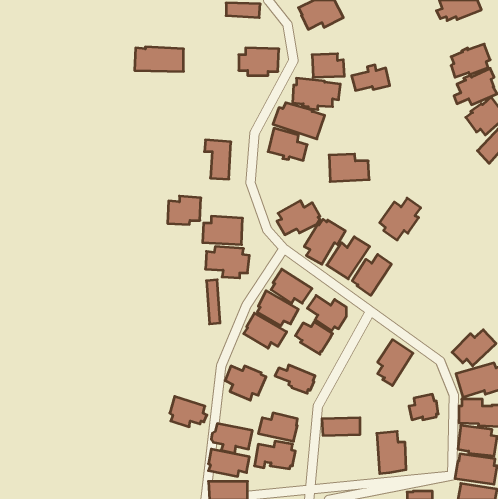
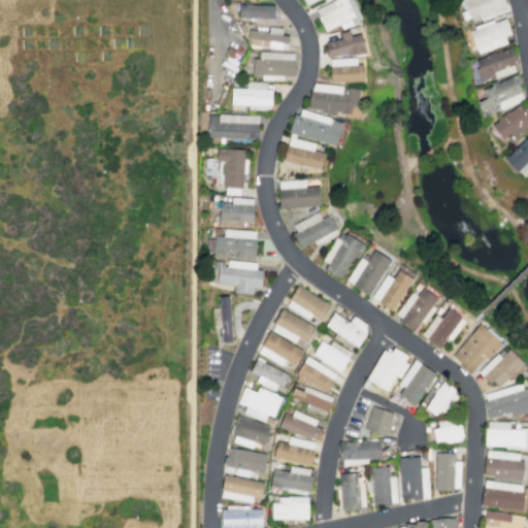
building: none -> [471,19,513,55]
building: none -> [249,27,291,52]
building: [135,47,184,71] -> [208,113,260,139]
building: [352,65,390,90] -> [326,31,366,58]
building: none -> [232,81,274,110]
building: [329,154,369,182] -> [279,179,322,208]
building: [168,196,201,224] -> [221,197,256,227]
building: [380,198,421,240] -> [396,288,439,332]
building: none -> [428,308,467,349]
building: none -> [454,324,504,372]
building: none -> [367,348,410,393]
building: none -> [295,356,337,393]
building: none -> [252,357,290,391]
building: none -> [425,382,460,418]
building: none -> [365,406,395,437]
building: none -> [279,410,324,440]
building: [170,396,207,427] -> [233,417,272,449]
building: none -> [435,453,462,491]
building: none -> [372,466,399,505]
building: none -> [340,472,367,512]
building: none -> [272,496,309,520]

